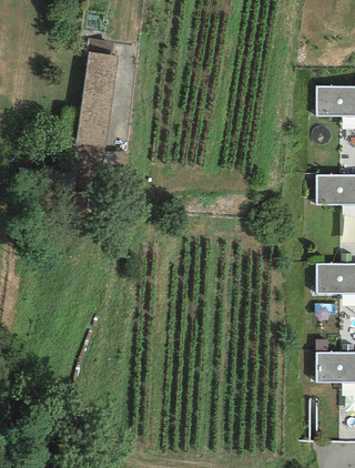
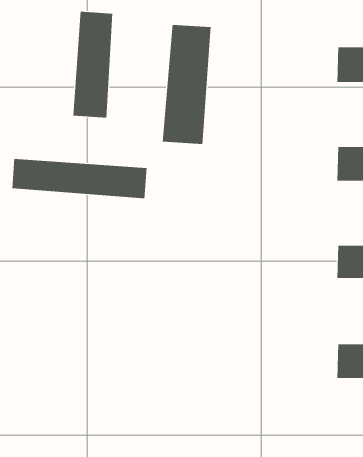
building: none -> [162,24,211,145]
building: none -> [12,158,147,199]

